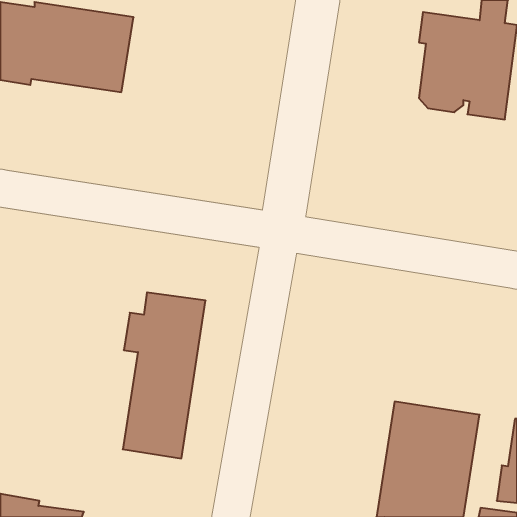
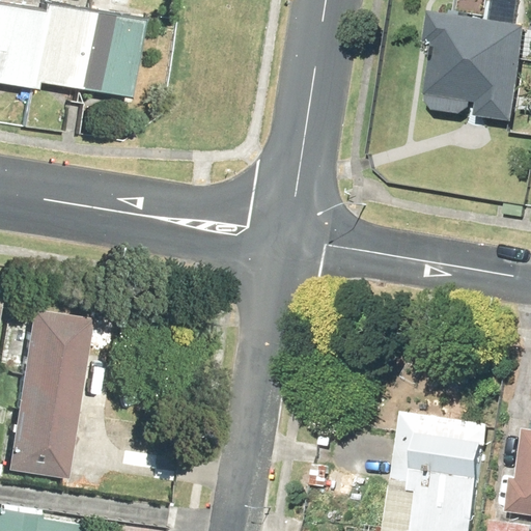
building: [123,292,206,458] -> [4,308,89,478]

